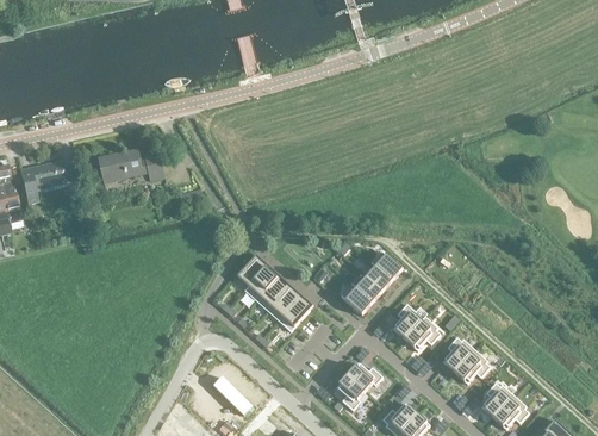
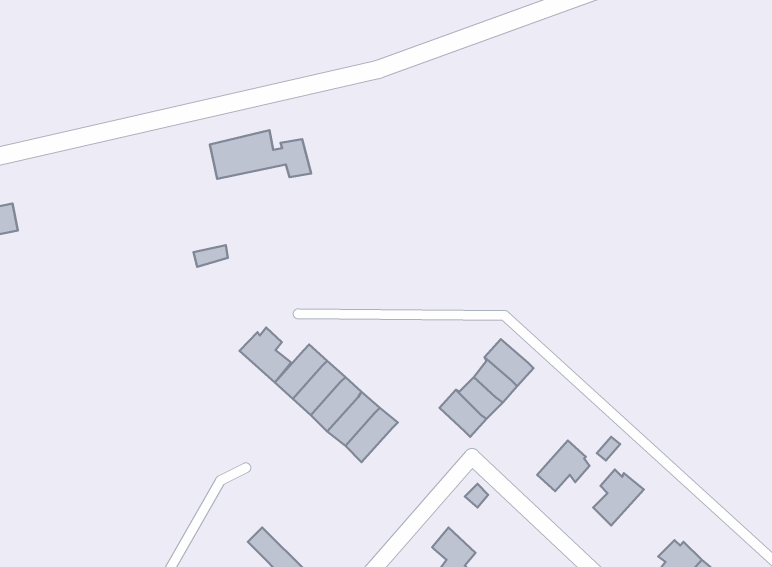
building: [98,148,164,180] -> [210,130,311,179]
building: none -> [239,328,291,383]
building: [392,303,425,340] -> none
building: [454,349,490,384] -> none
building: [347,362,382,391] -> none

